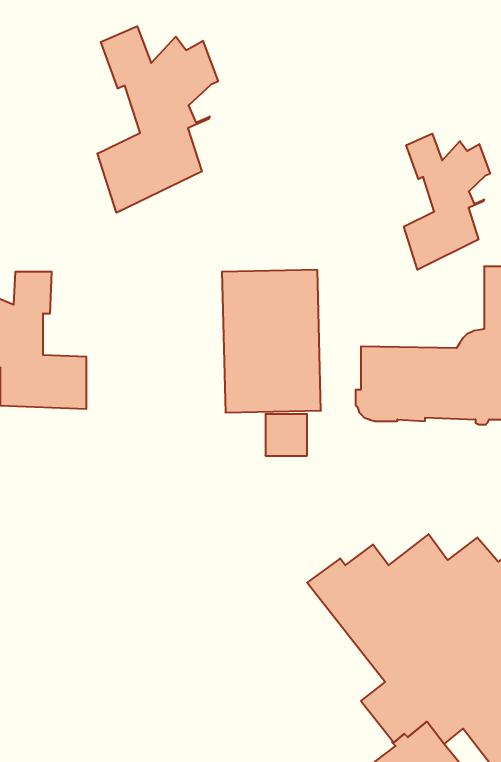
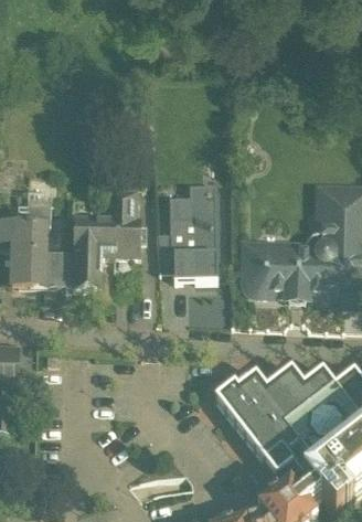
building: [97,26,218,213] -> none
building: [404,134,490,270] -> none
building: none -> [73,190,140,287]

